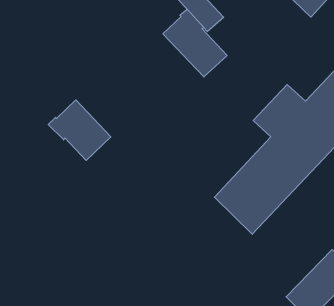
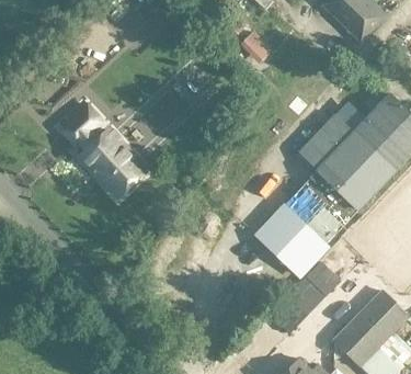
building: [163,9,227,77] -> none
building: none -> [64,107,109,150]

